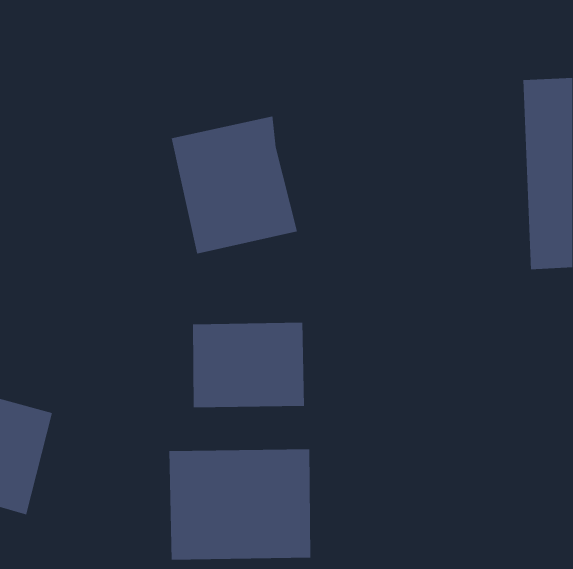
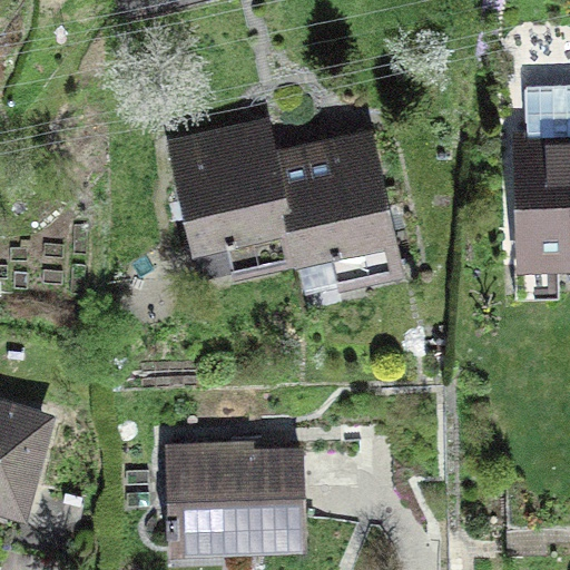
building: none -> [274,127,402,274]
building: [192,322,304,408] -> none

